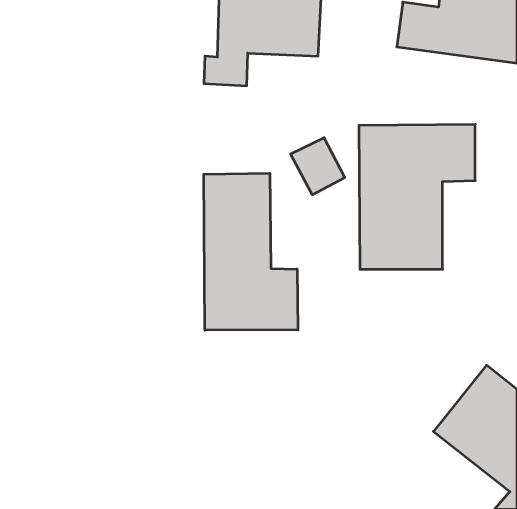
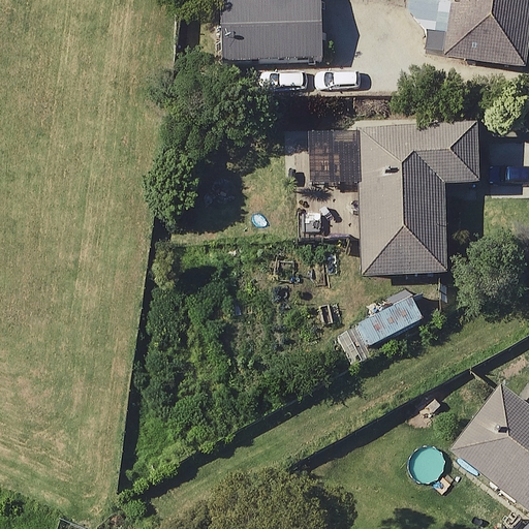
building: [204,173,298,330] -> none

